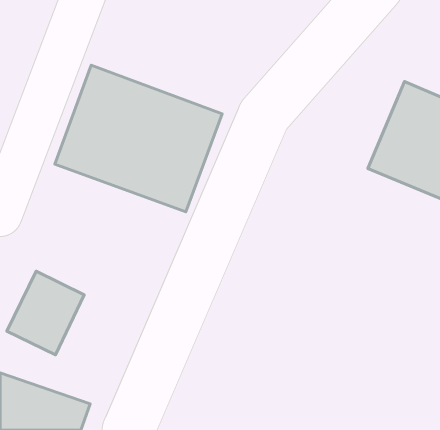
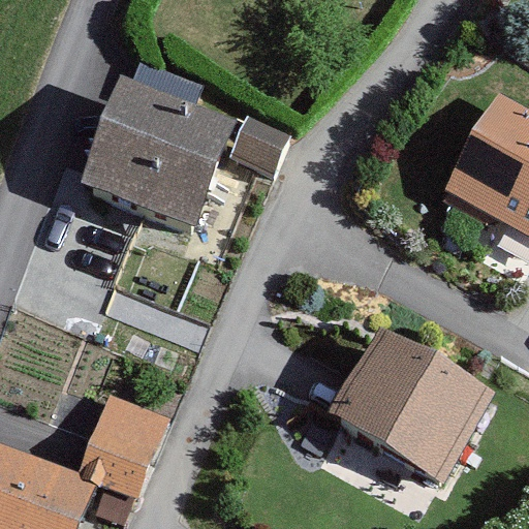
building: [7,271,84,355] -> [83,386,175,486]
building: none -> [332,333,485,475]

